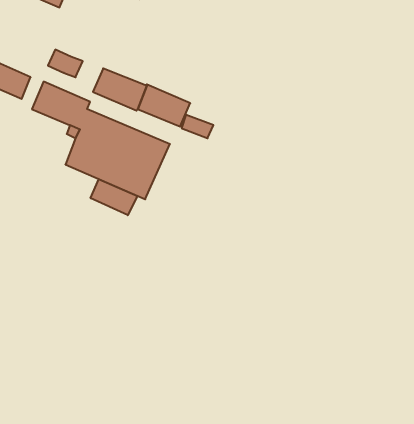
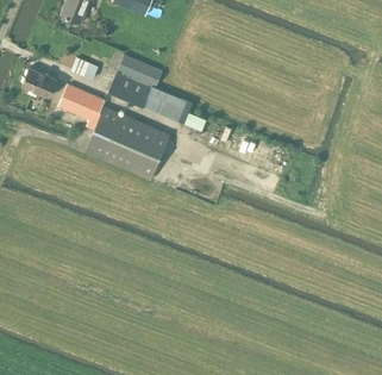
building: none -> [117,54,163,87]
building: [91,179,138,215] -> none

